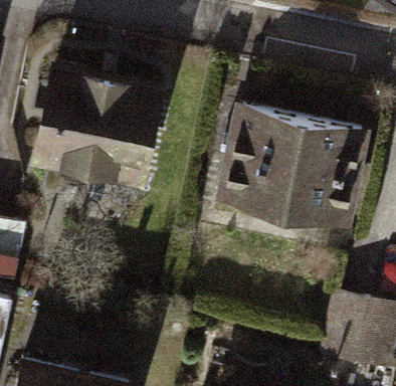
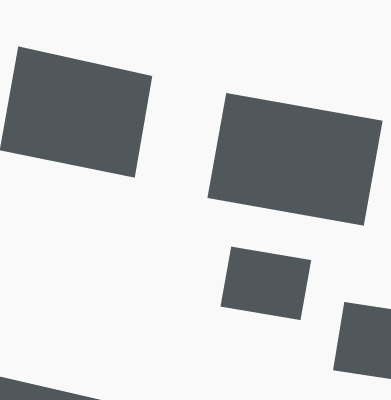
building: none -> [220,246,312,321]

